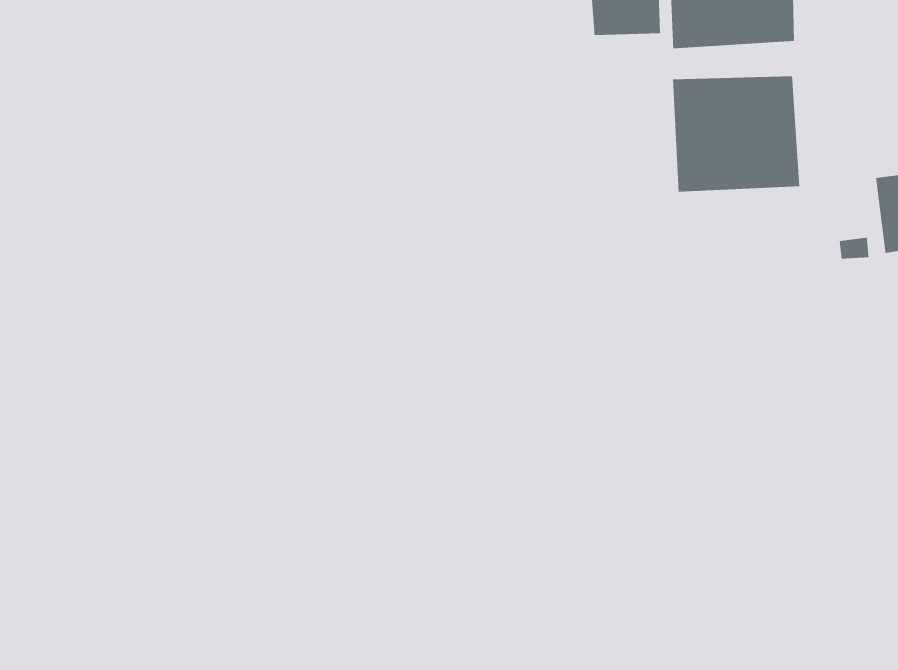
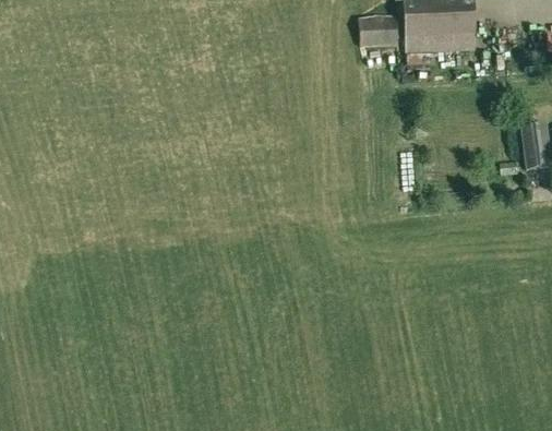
building: [672,76,800,193] -> none

